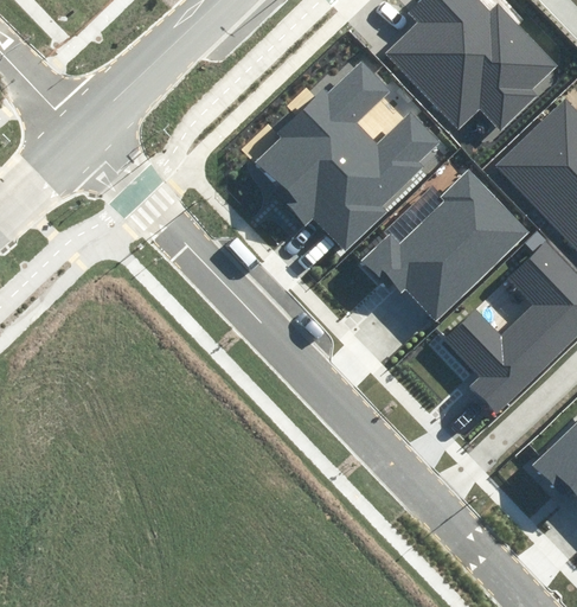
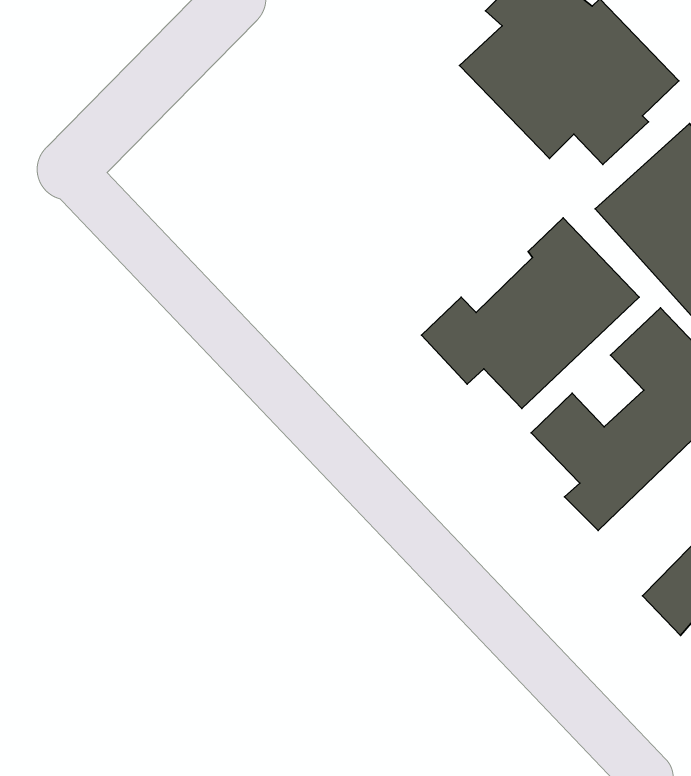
building: [257,60,438,254] -> none

